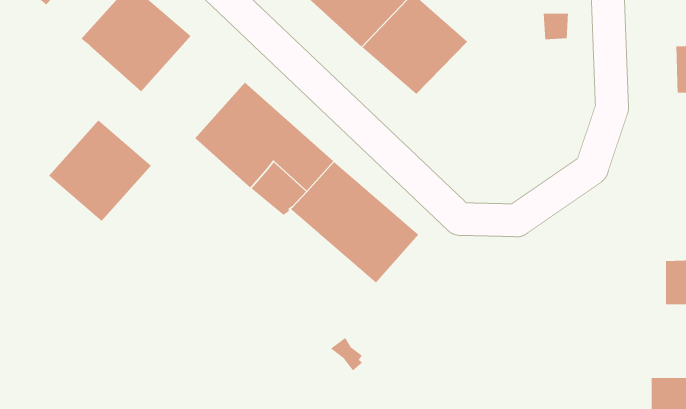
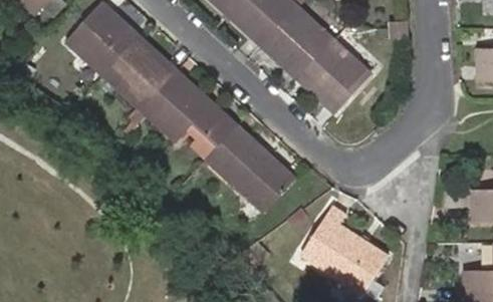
building: none -> [297,41,372,114]
building: [48,120,152,222] -> [105,37,178,108]
building: none -> [299,203,391,292]

